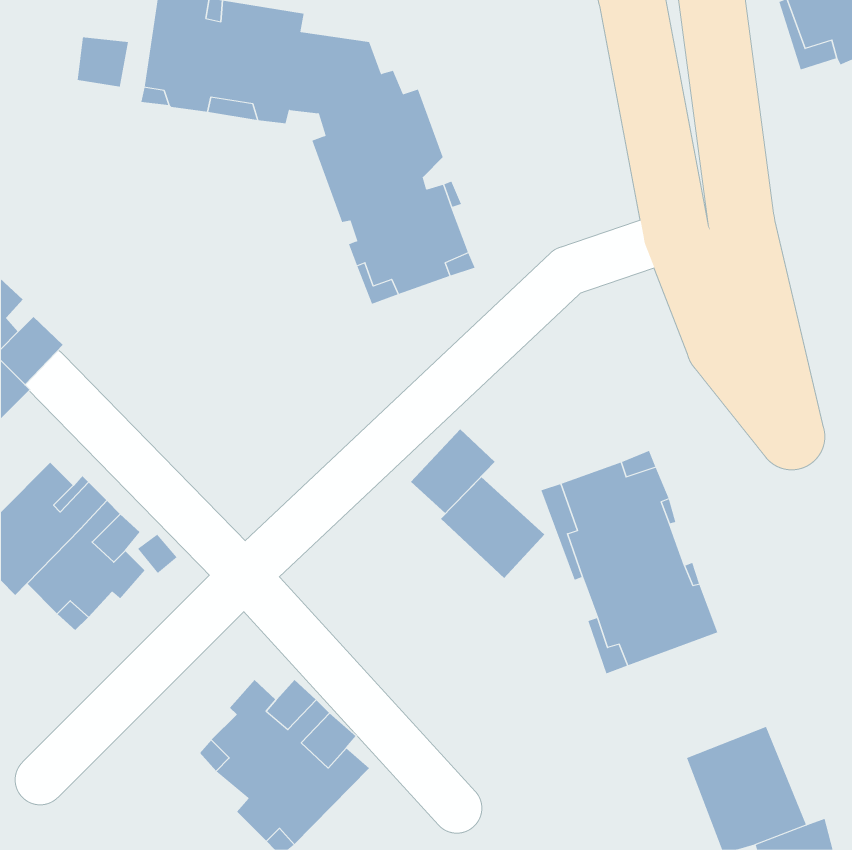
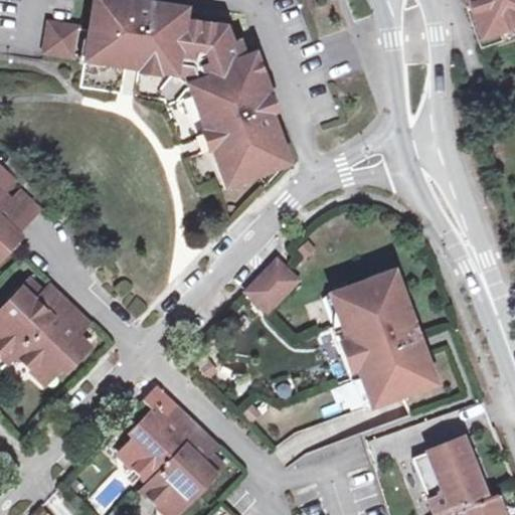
building: [440,476,545,579] -> none

